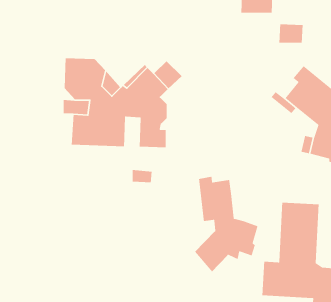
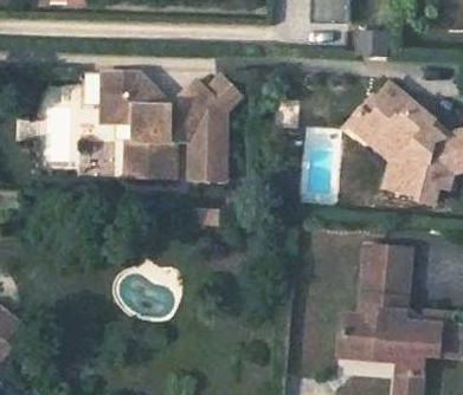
building: [194,176,259,272] -> none

